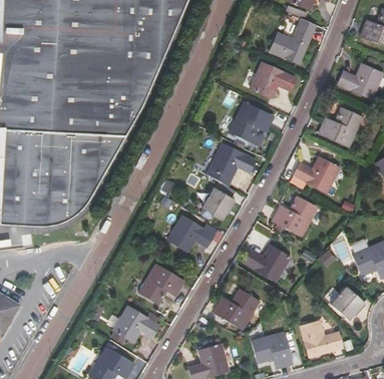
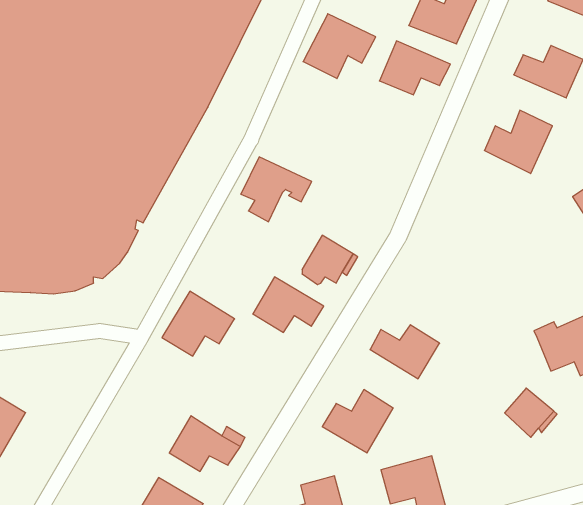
building: [228,101,275,143] -> [303,14,376,79]
building: [210,144,256,186] -> [241,157,312,222]
building: [294,158,338,193] -> none
building: [272,197,317,238] -> none
building: [138,263,185,305] -> [162,291,235,356]
building: [300,321,342,358] -> none

